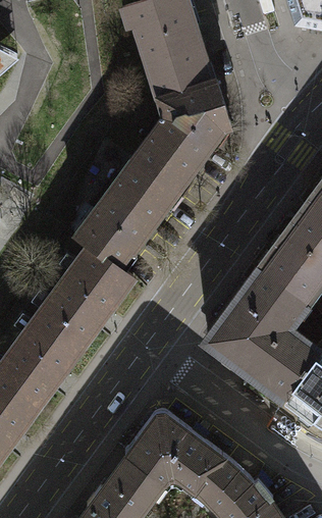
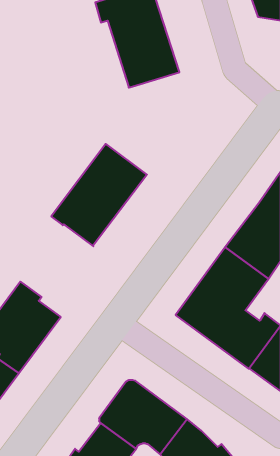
building: [133,82,230,192] -> none
building: [43,245,135,344] -> none

